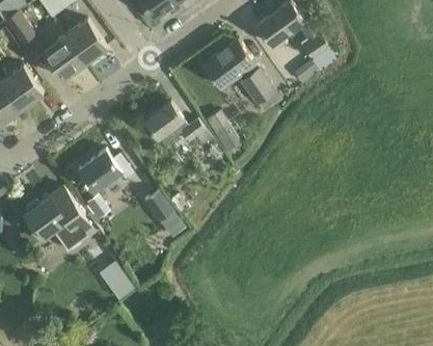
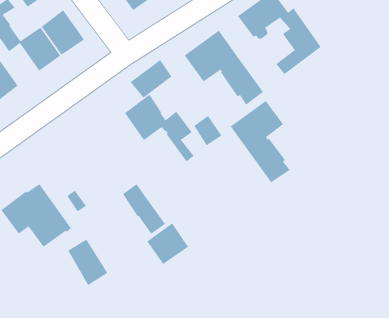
building: none -> [130,59,172,99]
building: none -> [230,100,290,183]
building: [77,149,133,191] -> none
building: none -> [146,223,189,265]

